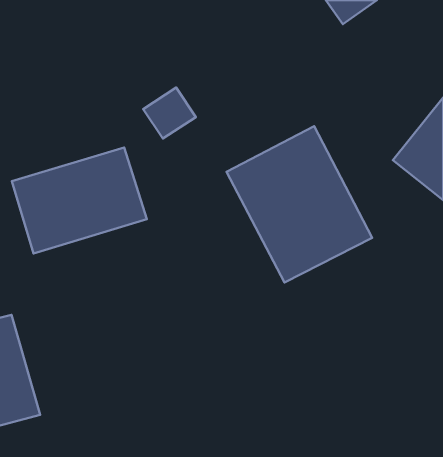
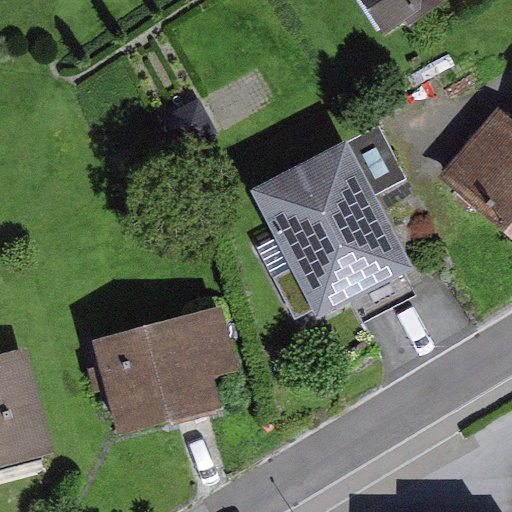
building: [12,148,147,253] -> none
building: none -> [92,307,236,432]

